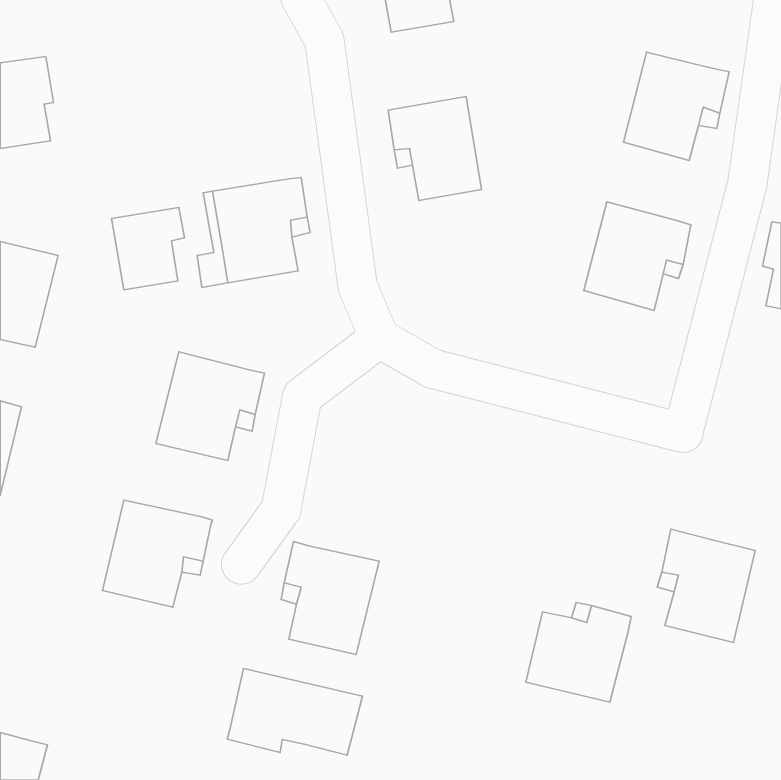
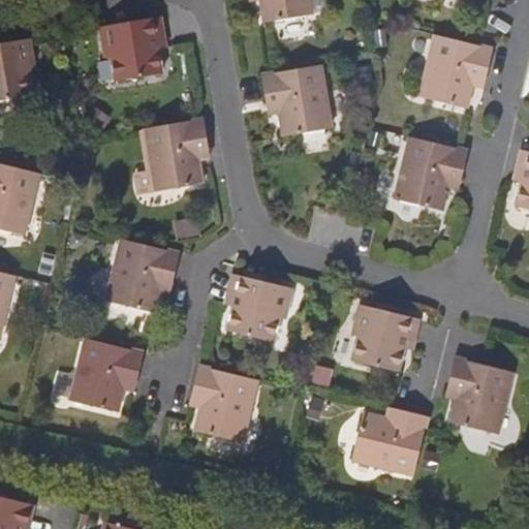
building: none -> [99,17,165,81]
building: [112,208,184,290] -> none
building: none -> [226,274,292,341]
building: none -> [351,304,418,371]
building: [227,669,362,755] -> none

